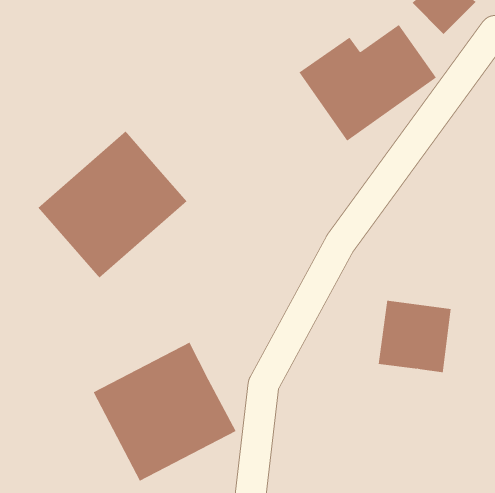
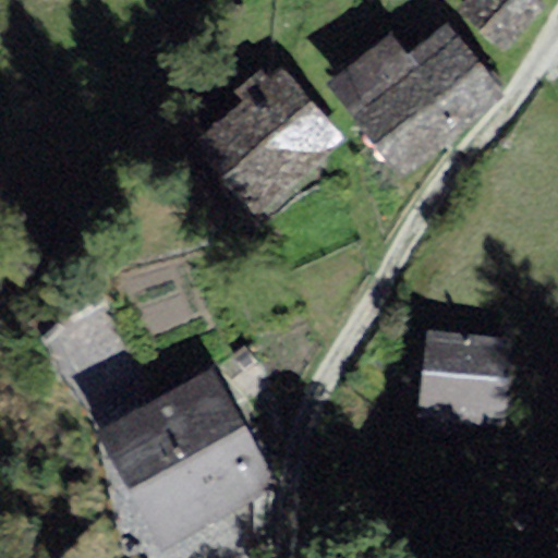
building: none -> [206,69,332,206]
building: [37,130,188,279] -> none

